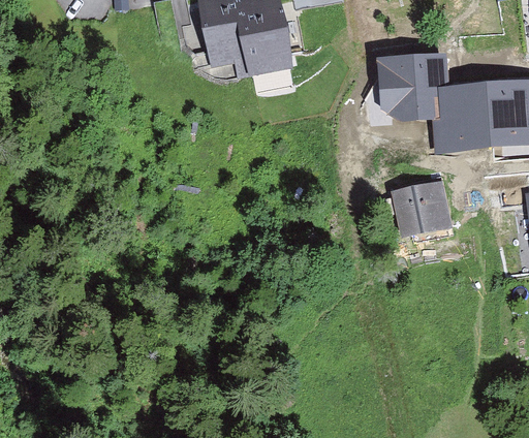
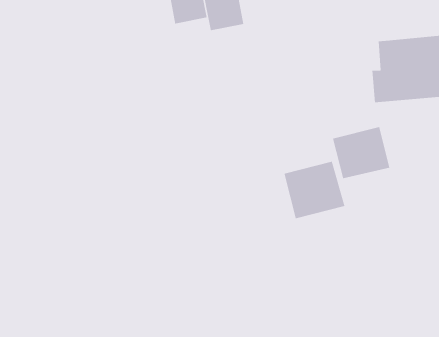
building: [376,49,450,121] -> none
building: none -> [284,161,345,219]

